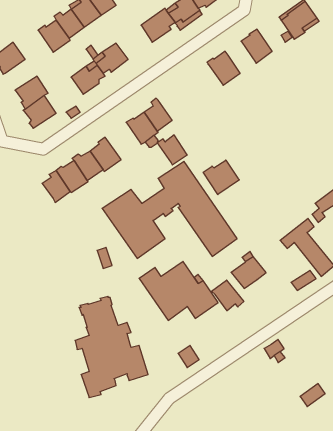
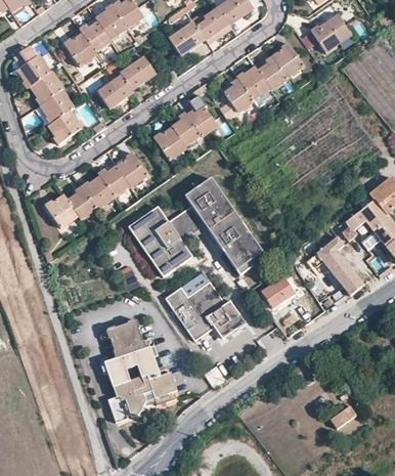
building: none -> [257,54,287,89]
building: none -> [29,72,63,104]
building: none -> [223,78,253,113]
building: [157,135,187,165] -> [185,106,216,137]
building: [203,160,239,195] -> none
building: none -> [44,193,78,227]
building: [212,280,244,311] -> none

